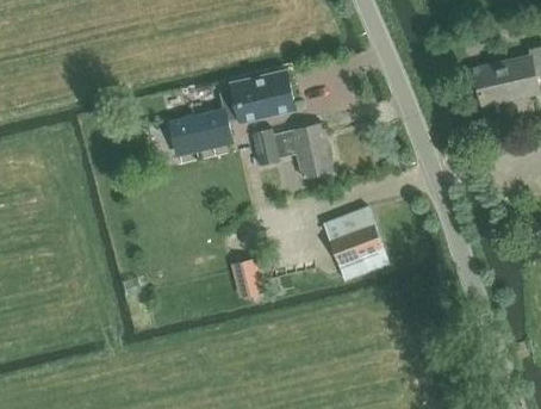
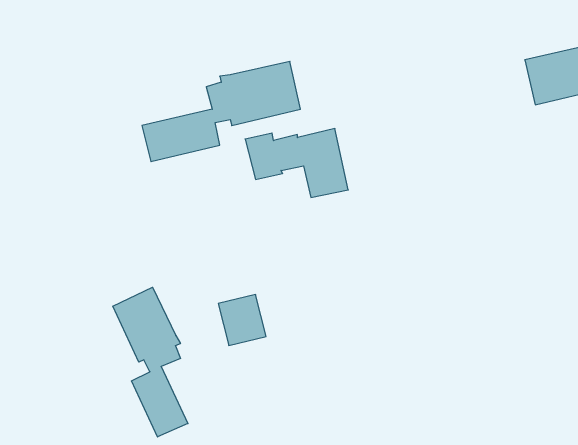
building: [323,206,390,278] -> none
building: none -> [113,287,188,437]

